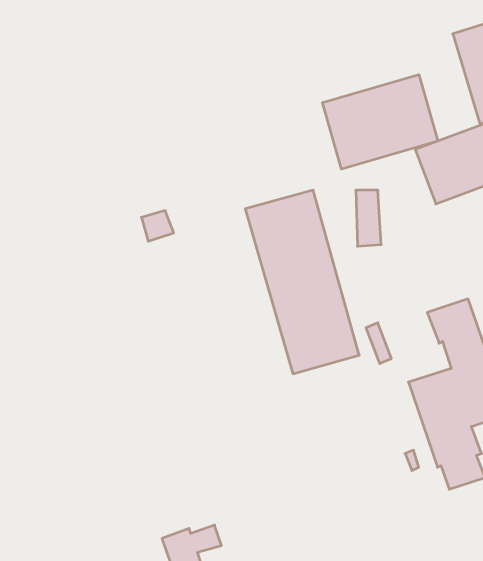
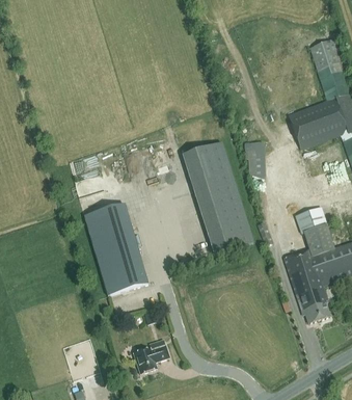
building: [322,75,438,169] -> none
building: none -> [84,204,147,296]

